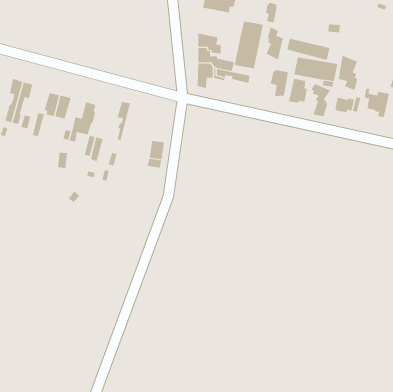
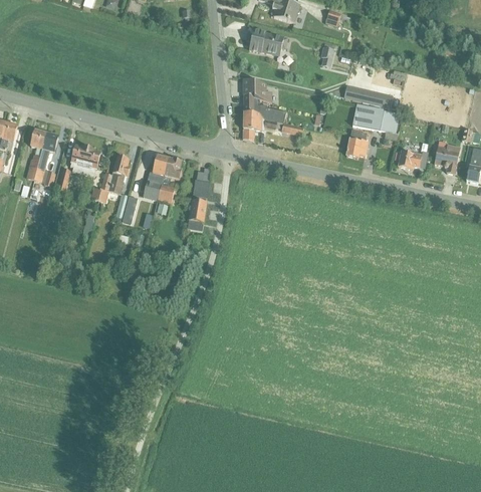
building: [234,20,264,69] -> none
building: [266,27,284,60] -> none
building: [338,55,358,91] -> none
building: [270,69,288,97] -> none
building: [311,83,331,117] -> none
building: none -> [157,157,181,203]
building: none -> [191,167,210,201]

